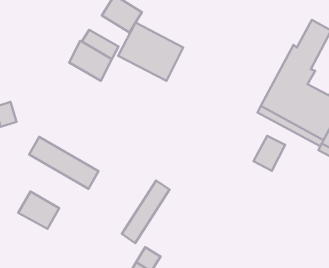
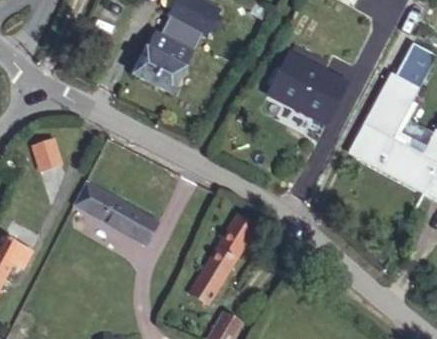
building: [118,22,183,81] -> [269,51,347,121]
building: [254,136,285,171] -> none
building: [18,192,59,229] -> none

